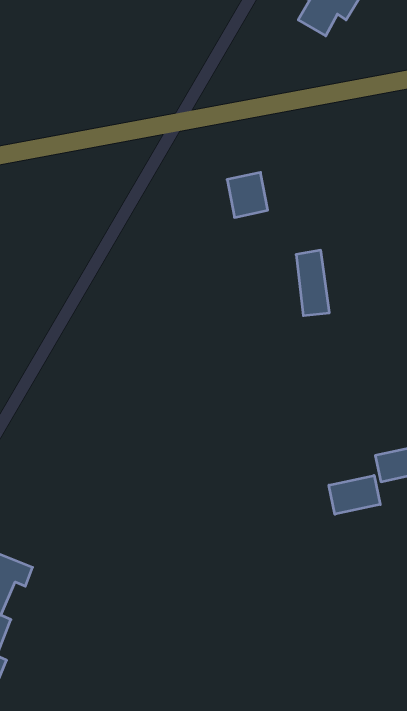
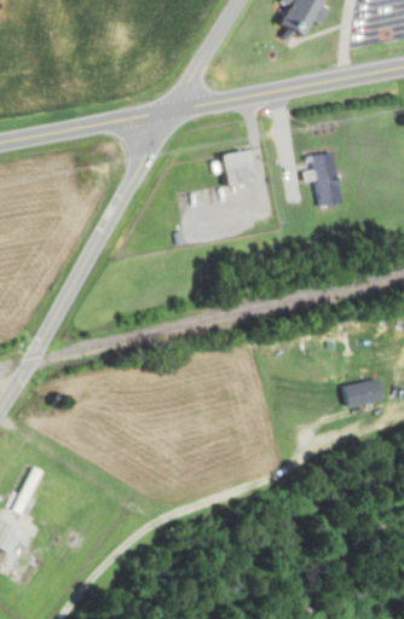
building: [296,250,329,316] -> [313,152,341,207]
building: [329,475,380,514] -> none

